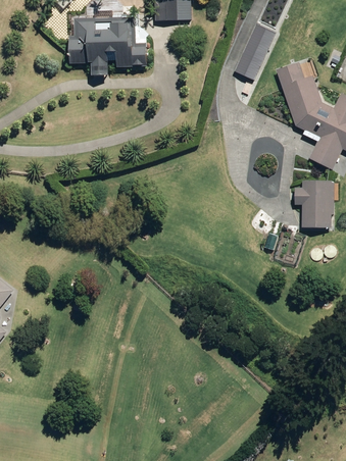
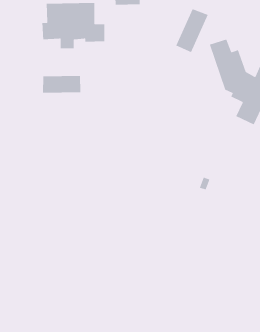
building: none -> [42,75,81,94]
building: [294,180,334,226] -> none

